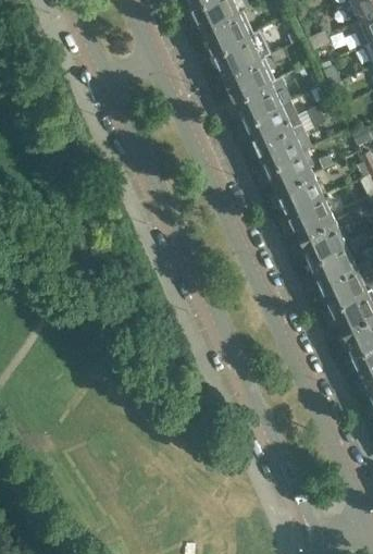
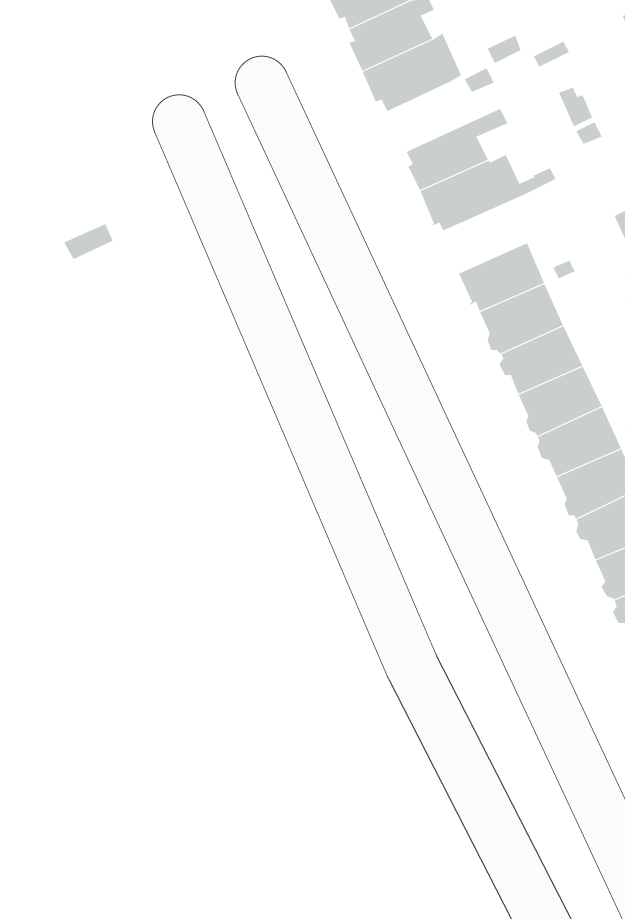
building: [223,58,271,99] -> none
building: [254,113,323,167] -> none

